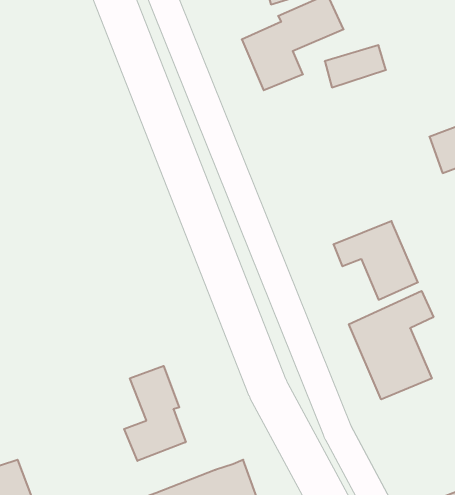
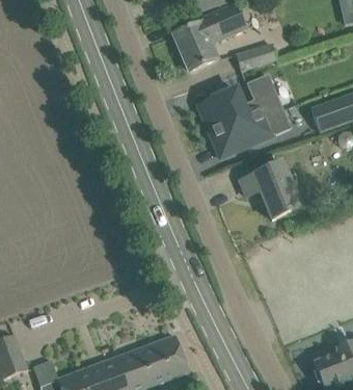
building: none -> [202,75,290,157]
building: [349,291,433,399] -> none
building: [124,366,186,461] -> none

